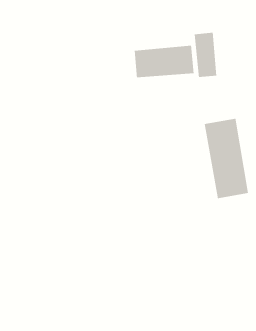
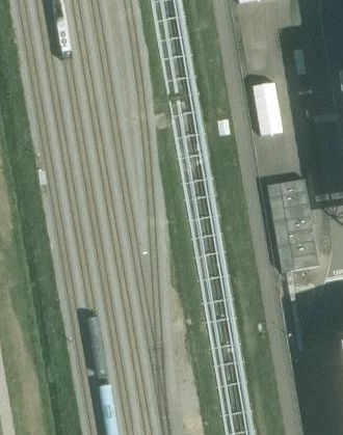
building: [134,45,194,78] -> none

